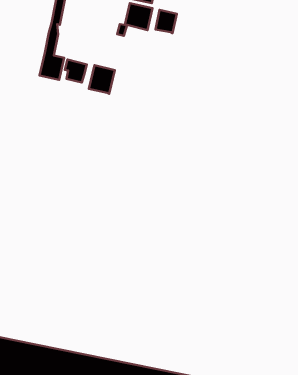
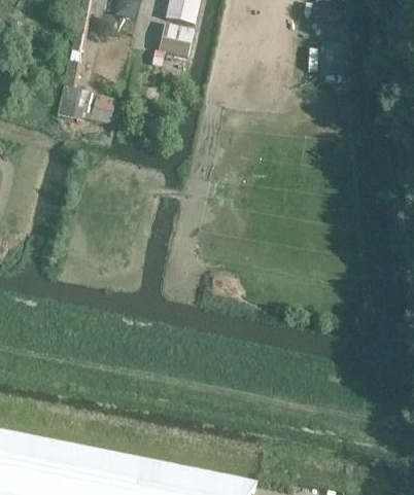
building: [155,10,177,33] -> none
building: [89,65,115,94] -> none

